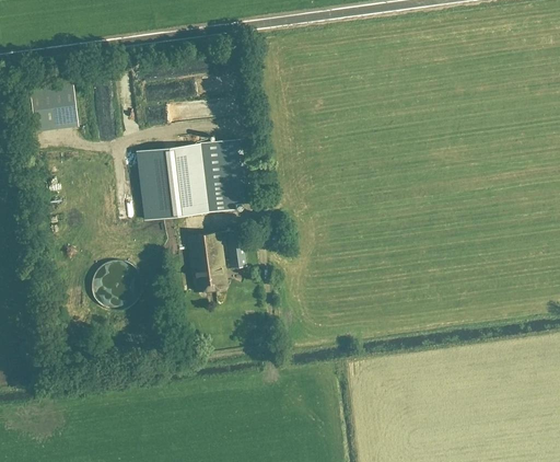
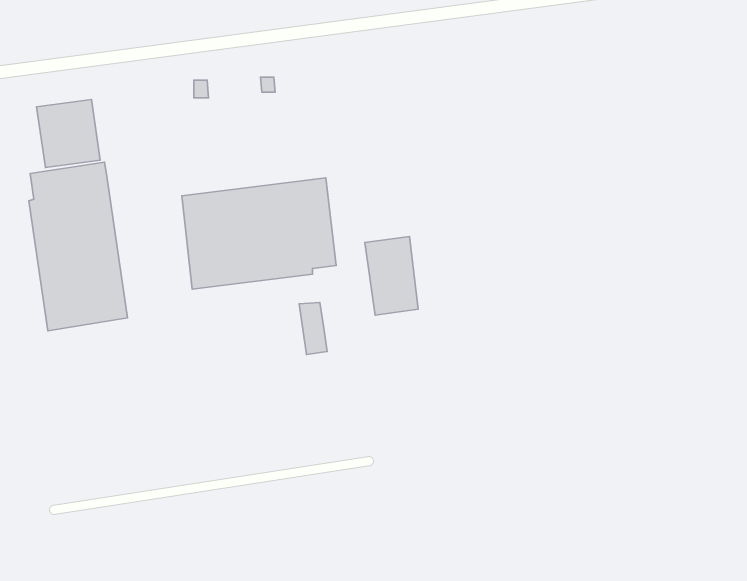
building: none -> [29,162,127,331]
building: [186,232,225,290] -> [365,236,418,315]

